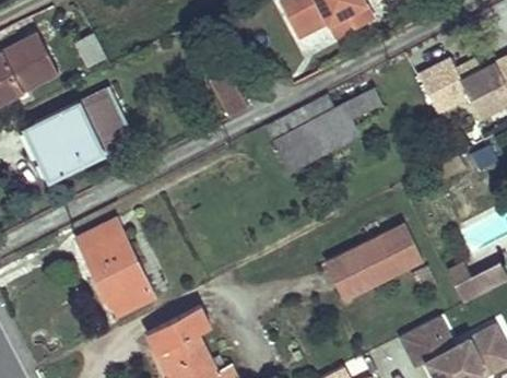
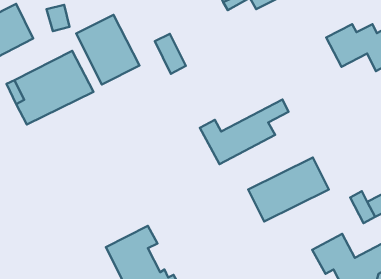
building: none -> [76,15,139,84]
building: [267,91,376,170] -> [200,99,289,164]
building: [79,220,155,314] -> none

